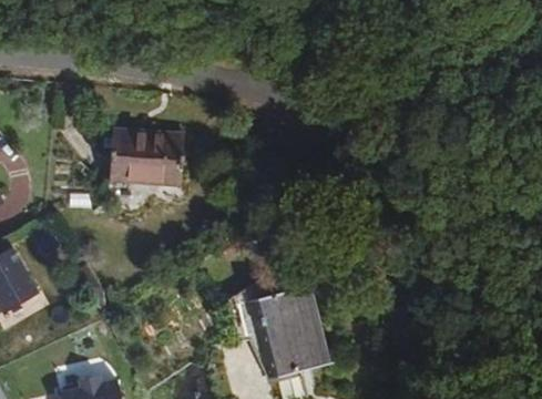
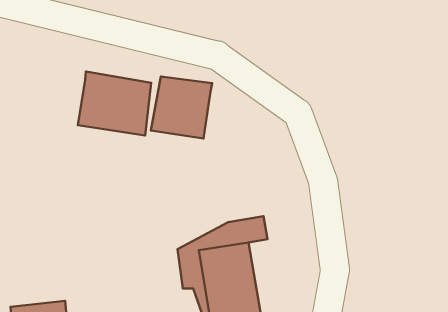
building: none -> [151,76,212,139]

